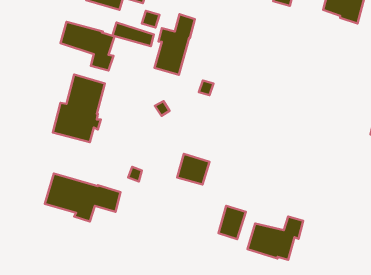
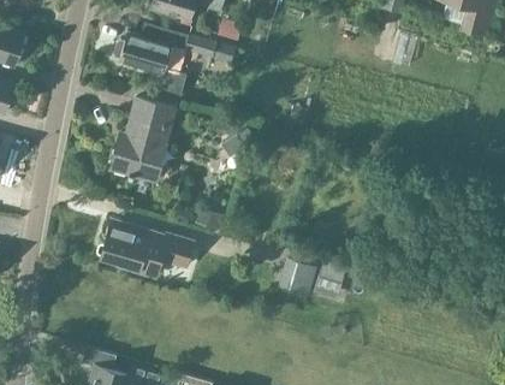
building: [154,14,195,75] -> none
building: [177,154,209,184] -> [278,256,317,294]
building: [247,216,303,260] -> none

